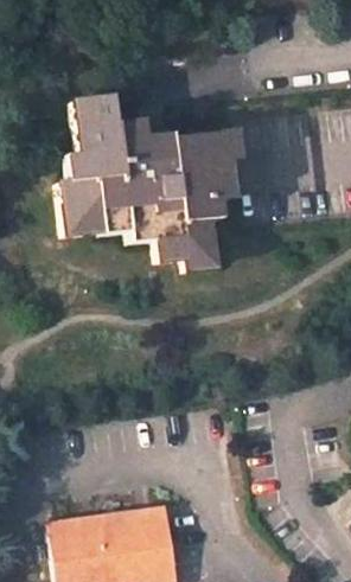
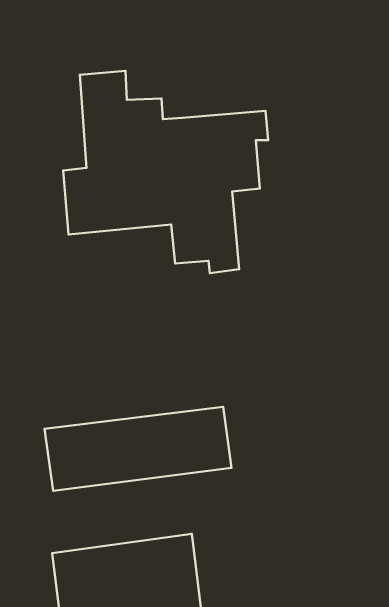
building: none -> [45,407,231,491]

